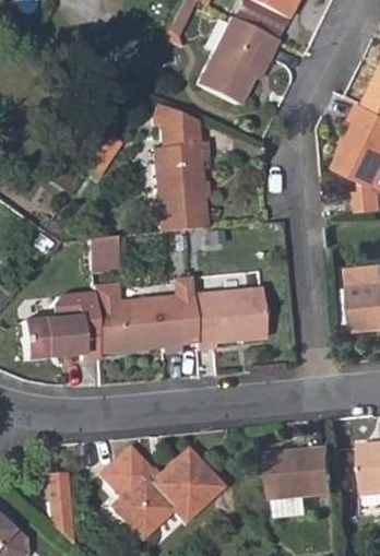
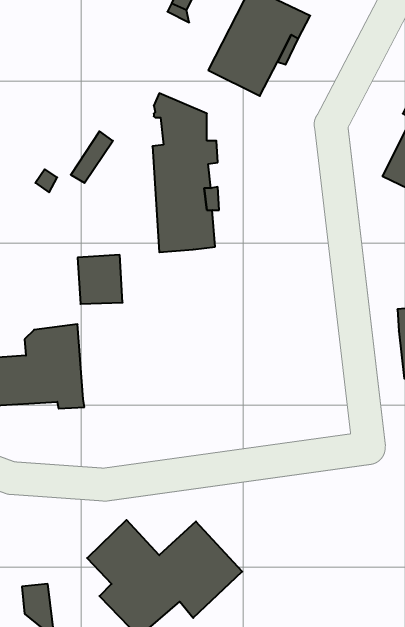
building: [92,280,181,348] -> none
building: [190,285,264,346] -> none
building: [268,447,337,516] -> none

